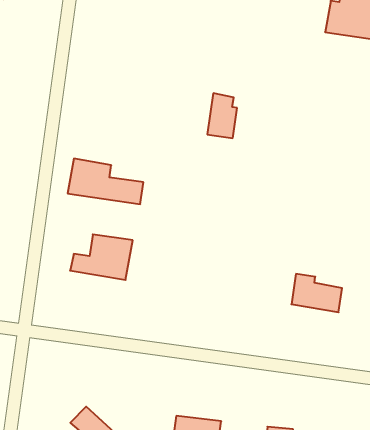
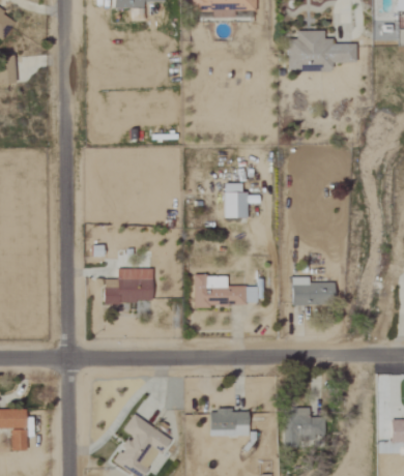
building: [207,93,237,138] -> [225,183,247,218]
building: [68,159,143,204] -> [195,275,257,305]

